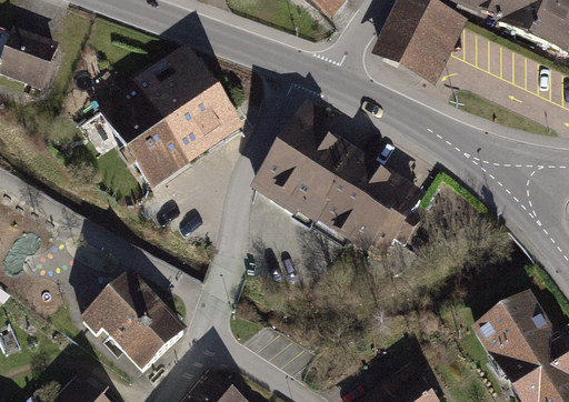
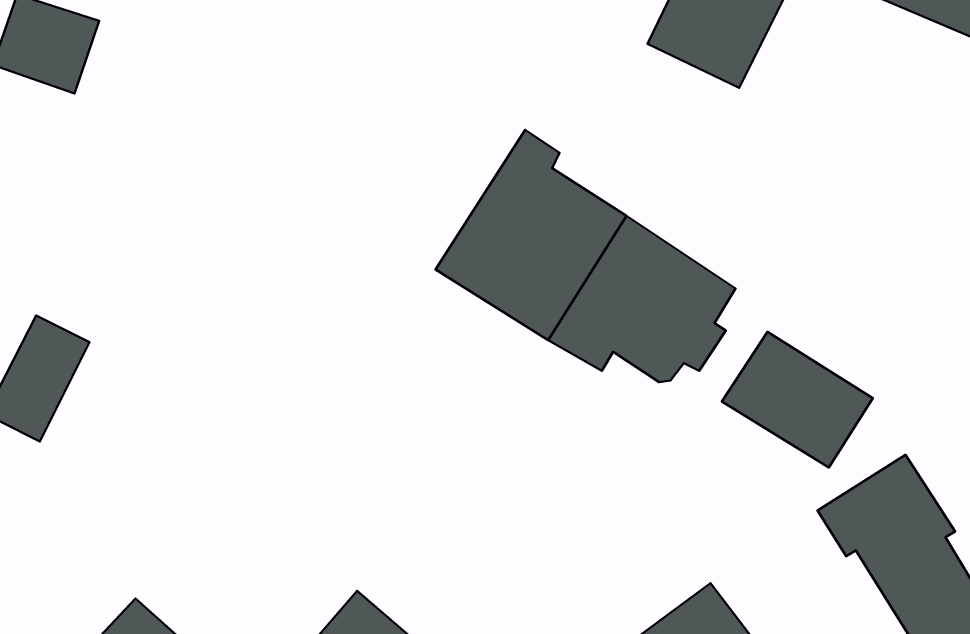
building: [100,47,239,181] -> none
building: none -> [722,332,873,467]
building: [83,273,187,370] -> none

